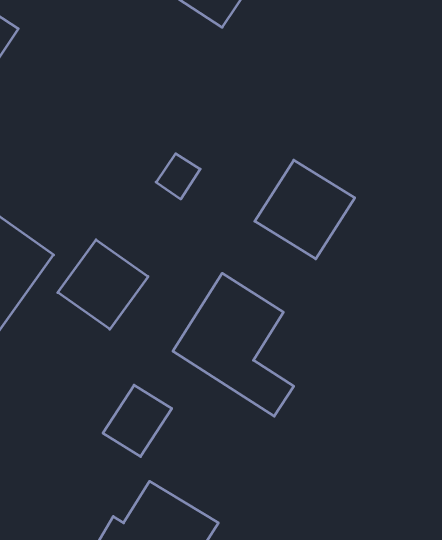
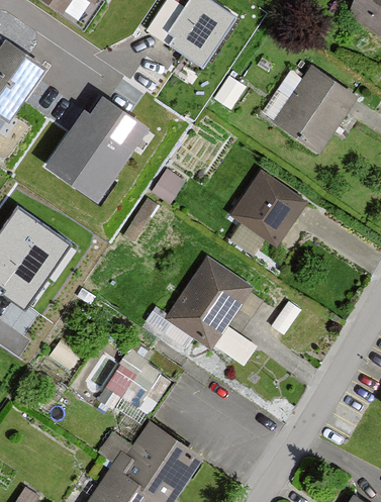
building: none -> [273,67,357,155]
building: none -> [47,89,150,194]
building: [58,240,148,329] -> none

